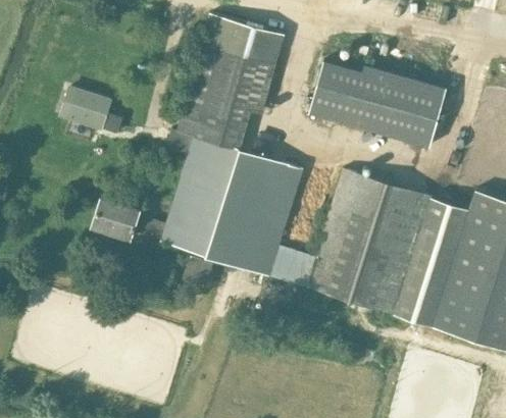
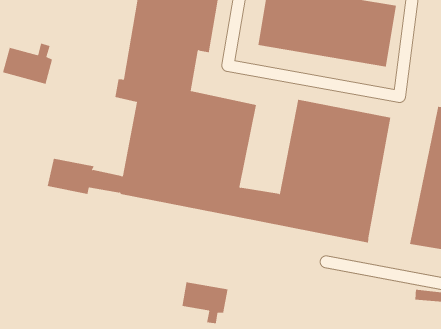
building: [396,198,469,321] -> none
building: none -> [182,282,228,324]

